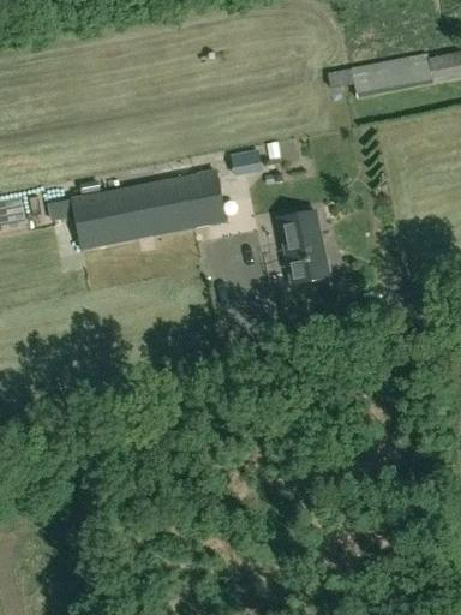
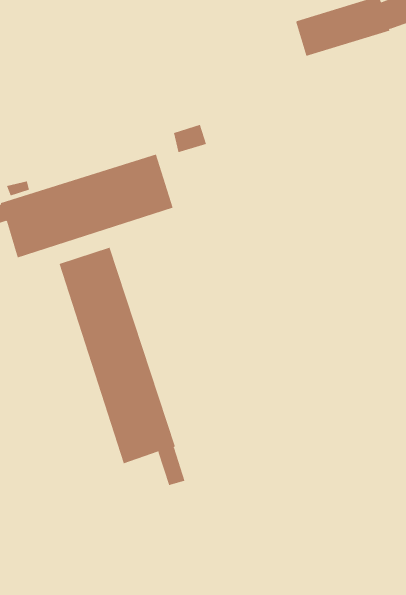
building: [279,210,330,283] -> none
building: none -> [59,247,185,486]

